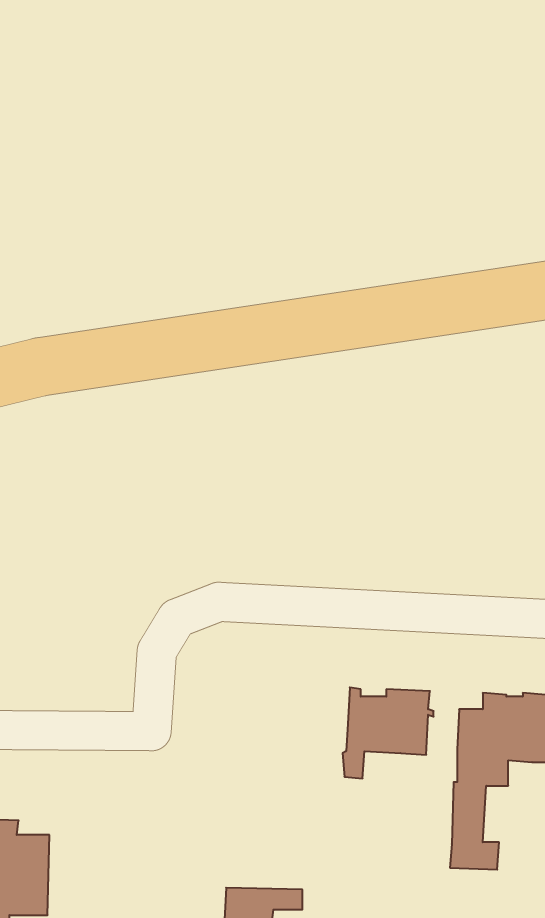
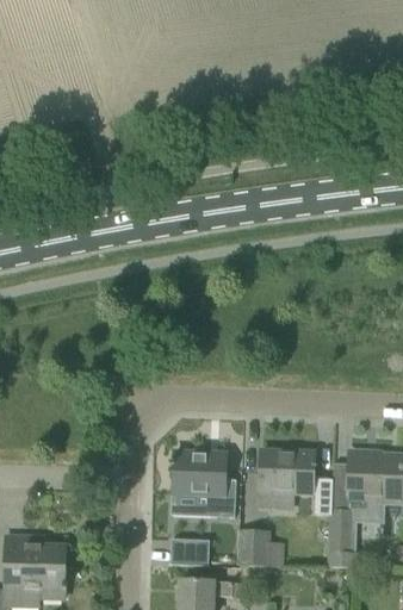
building: none -> [169,453,227,510]
building: none -> [240,533,285,567]
building: none -> [170,535,209,567]

